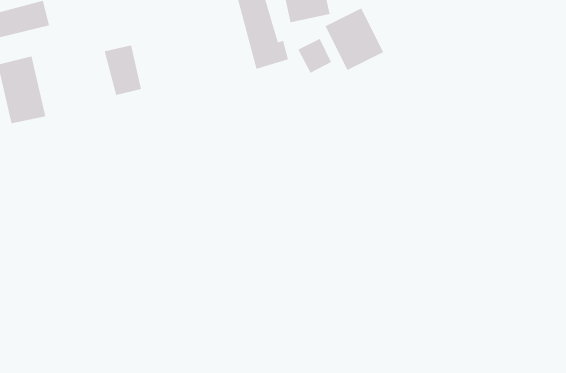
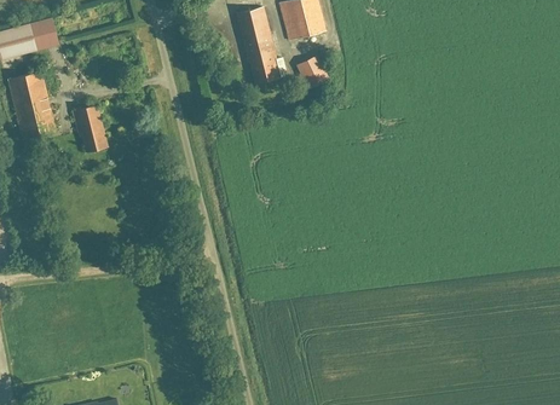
building: [325,7,384,71] -> none
building: [104,45,142,96] -> [71,105,108,154]

